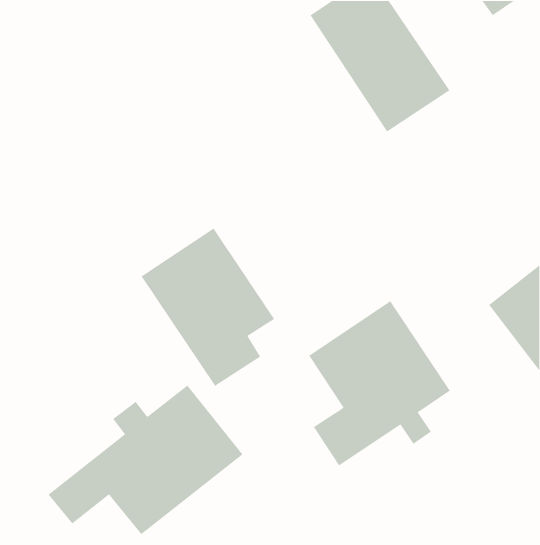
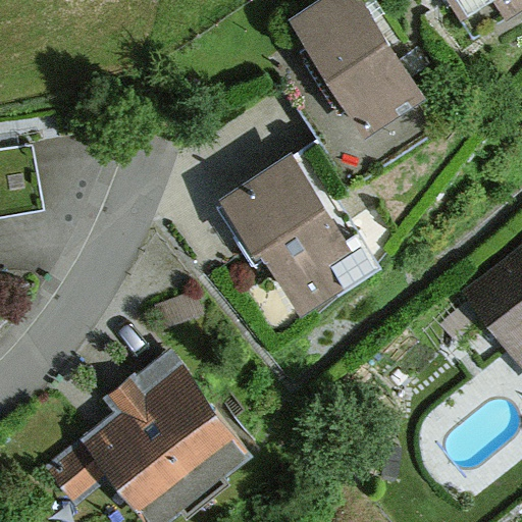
building: [141,228,275,387] -> [223,155,351,306]
building: [308,300,451,467] -> none

